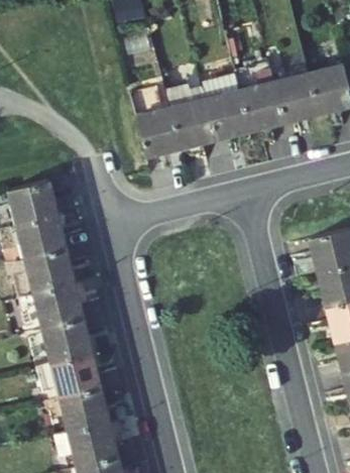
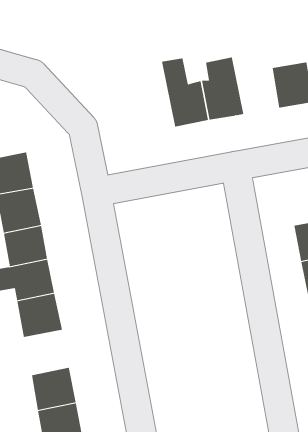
building: [239,65,287,131] -> none
building: [134,85,187,157] -> none
building: [34,354,99,400] -> none

